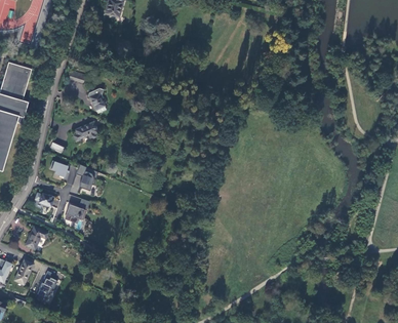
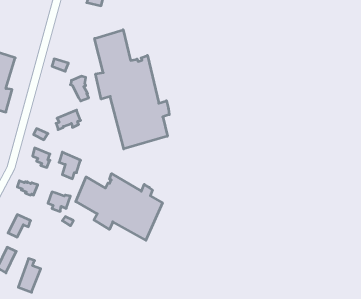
building: none -> [95,30,169,149]
building: none -> [76,174,162,240]

